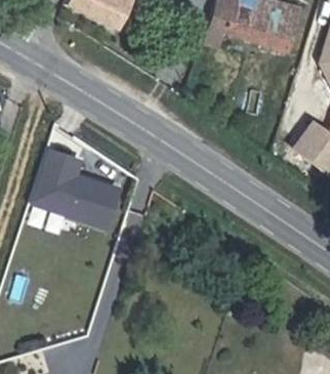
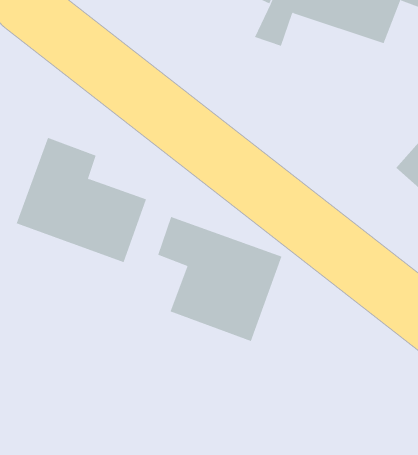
building: none -> [158,216,282,342]

